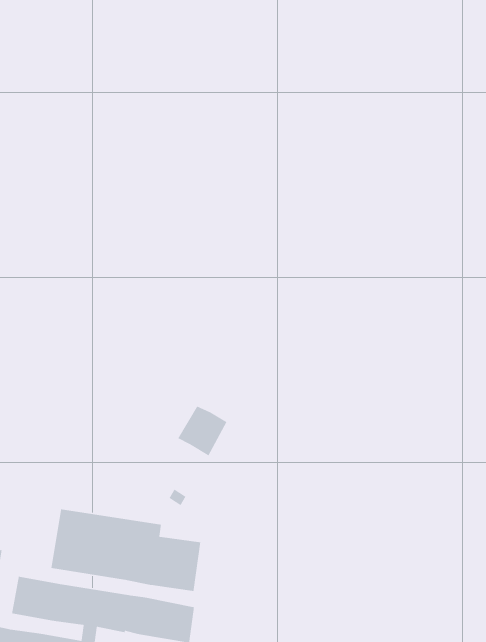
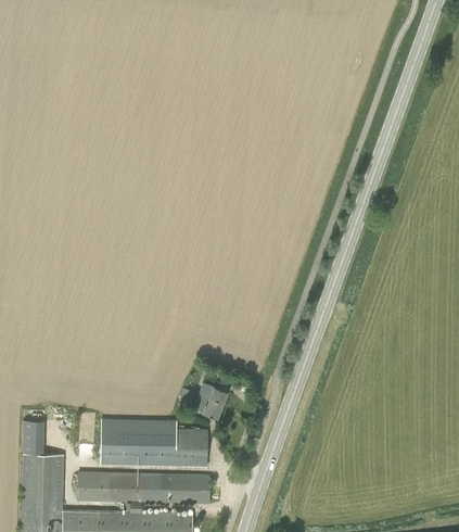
building: [177,405,227,457] -> [193,382,228,418]

